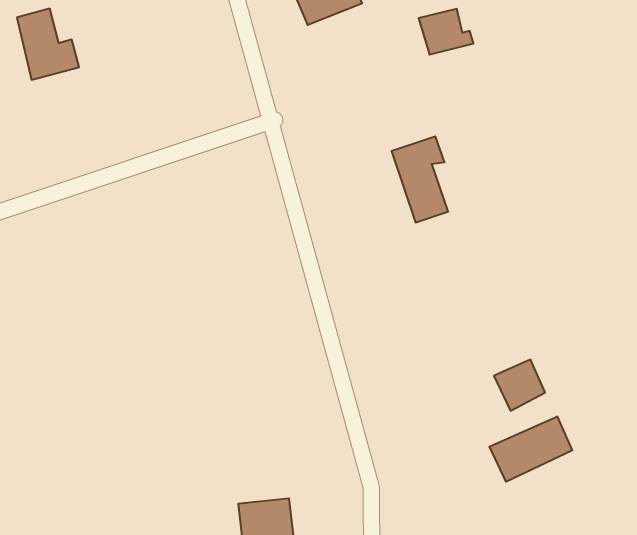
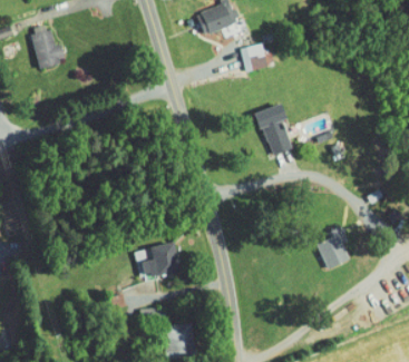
building: [419,9,473,55] -> [237,43,271,71]
building: none -> [132,242,181,280]
building: [489,416,572,482] -> none

